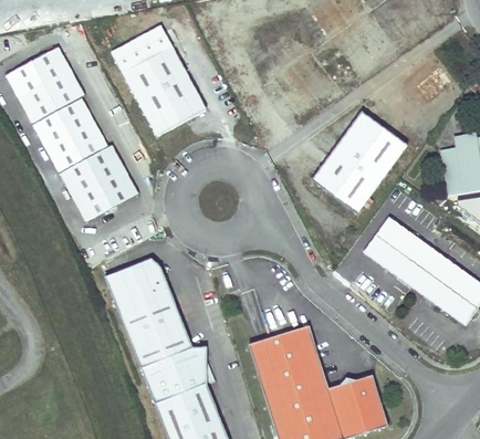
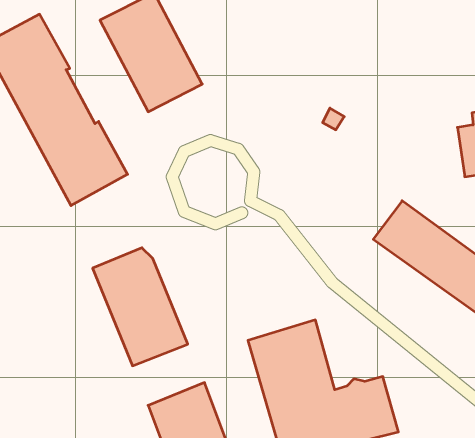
building: [313,111,408,212] -> none
building: [142,347,208,405] -> none

